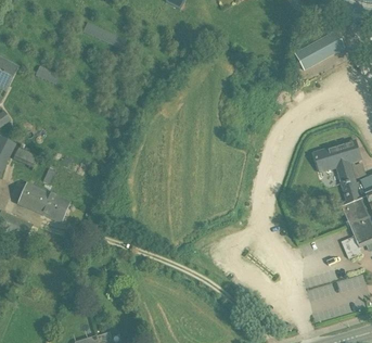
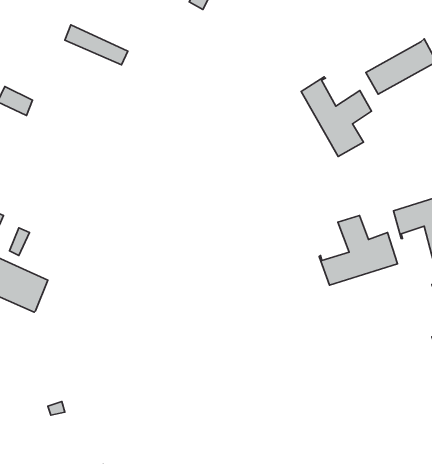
building: none -> [301,77,371,157]
building: none -> [319,216,397,285]

